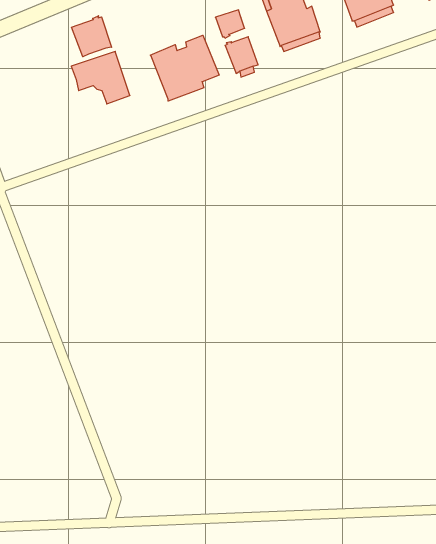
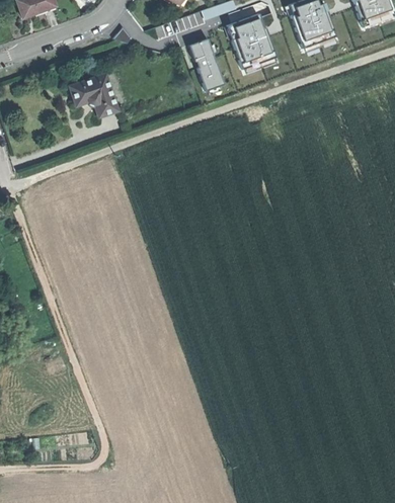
building: [71,16,112,57] -> none
building: [150,35,219,101] -> none

